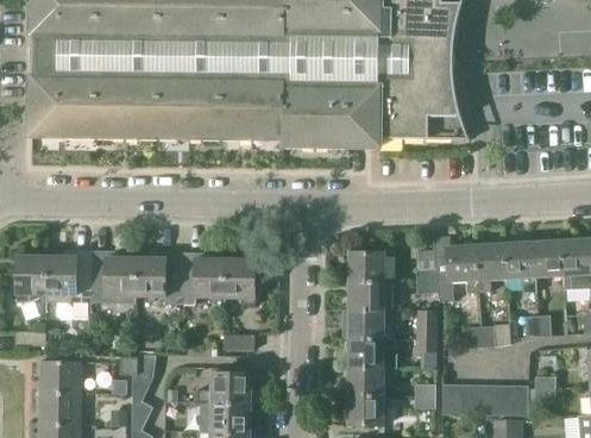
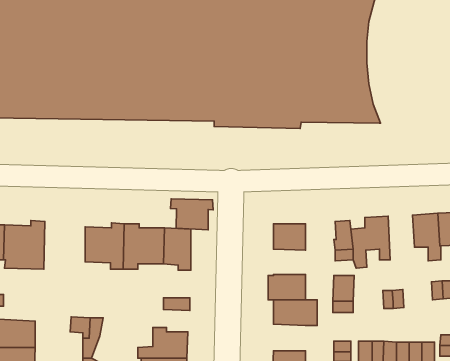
building: none -> [171,199,213,230]
building: [476,243,505,293] -> none
building: [89,250,136,304] -> none
building: [347,281,391,311] -> none
building: [347,365,383,395] -> none

